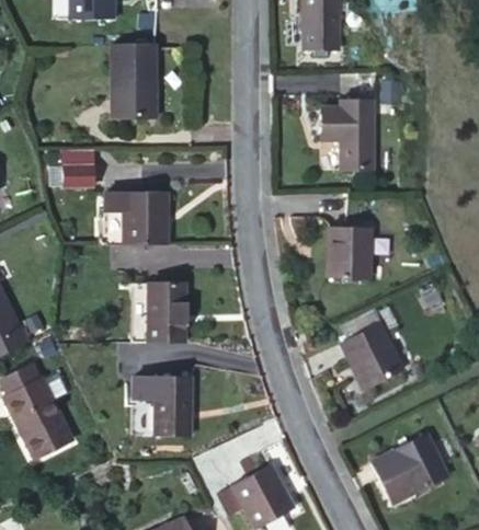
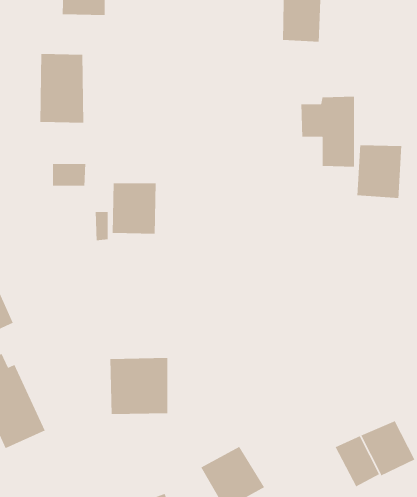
building: [116,45,162,117] -> [39,53,84,124]
building: [328,228,375,284] -> [356,145,402,199]
building: [146,281,187,341] -> none
building: [333,322,396,389] -> none

